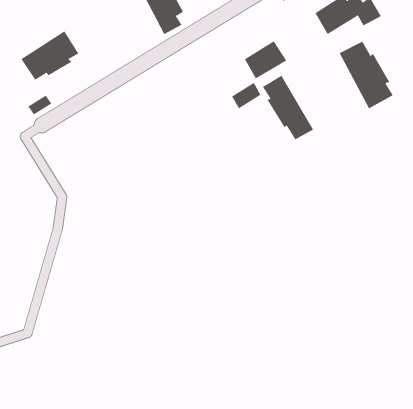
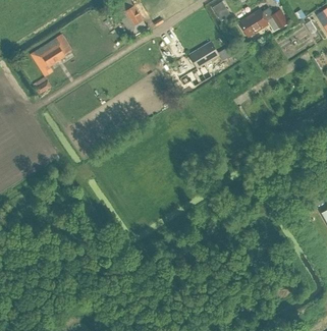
building: [339,41,393,109] -> none
building: [262,75,314,140] -> none

